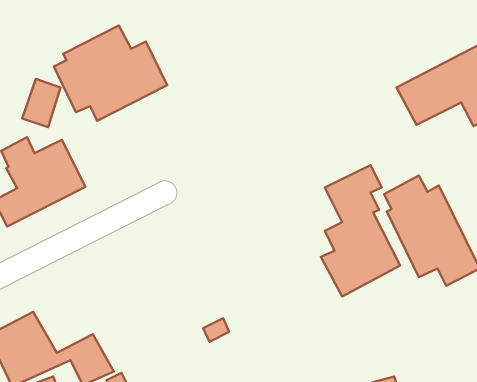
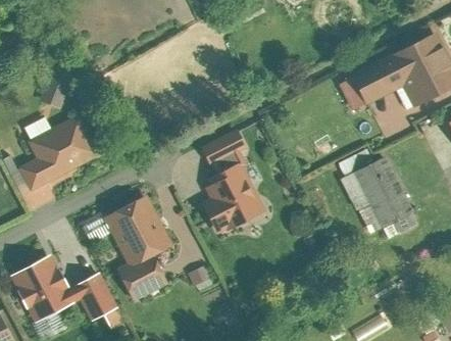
building: [54,25,167,121] -> none
building: [321,165,400,297] -> [199,127,264,235]
building: none -> [103,193,171,302]

